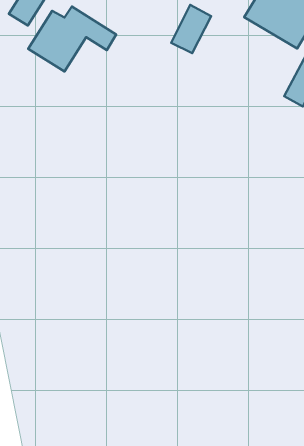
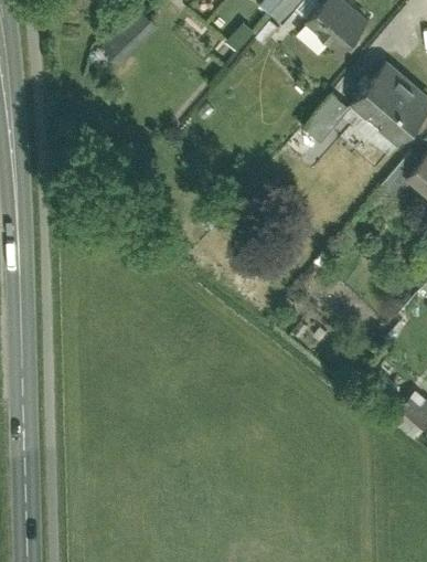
building: [171,5,211,53] -> [306,93,352,144]
building: [28,7,116,71] -> none

